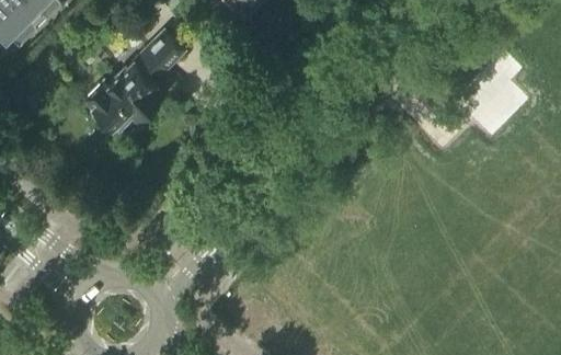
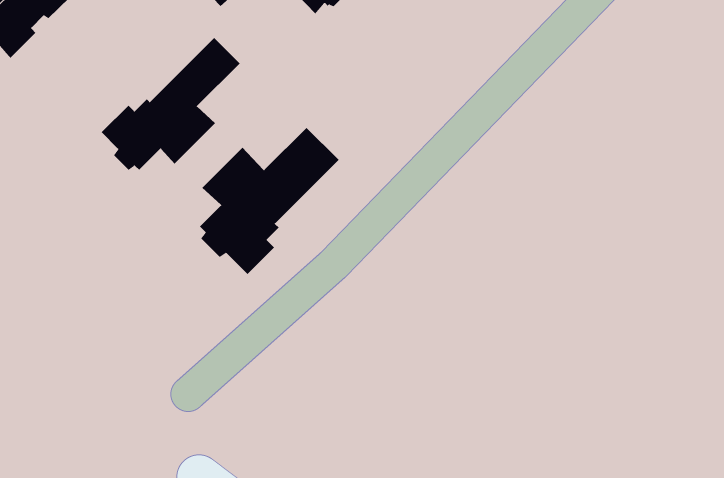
building: none -> [199,127,339,275]

